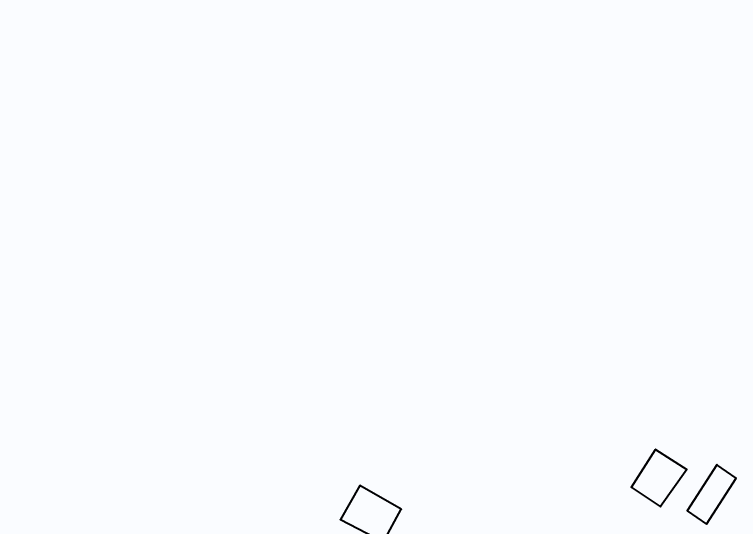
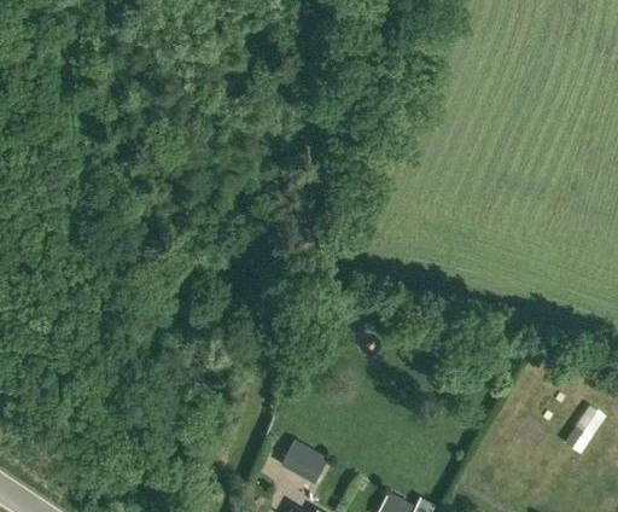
building: [631,449,687,507] -> none

